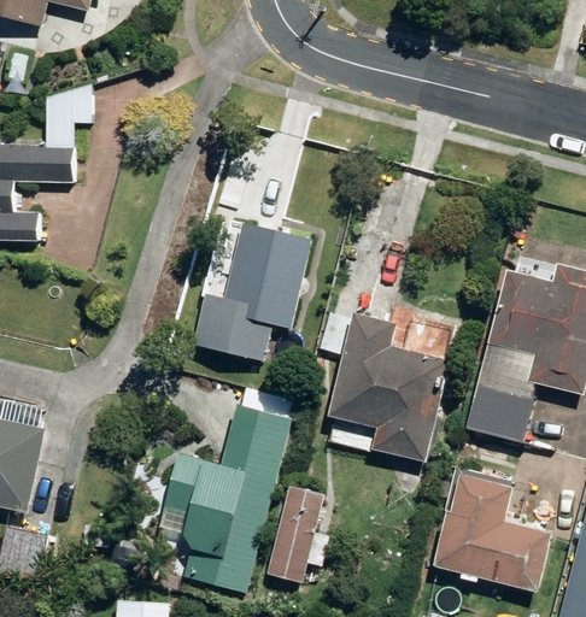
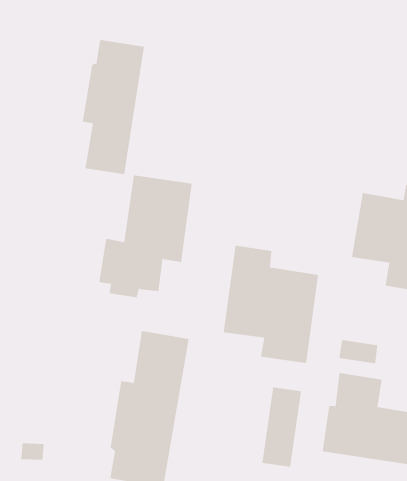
building: none -> [82,39,145,175]
building: [464,383,533,442] -> none
building: [265,486,321,582] -> [262,387,302,467]

